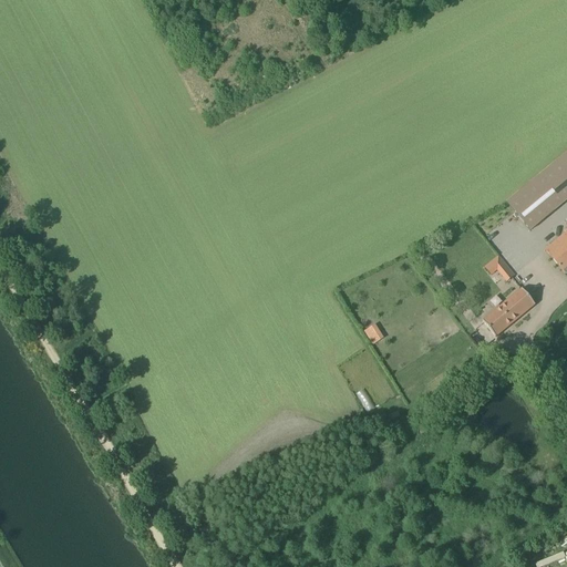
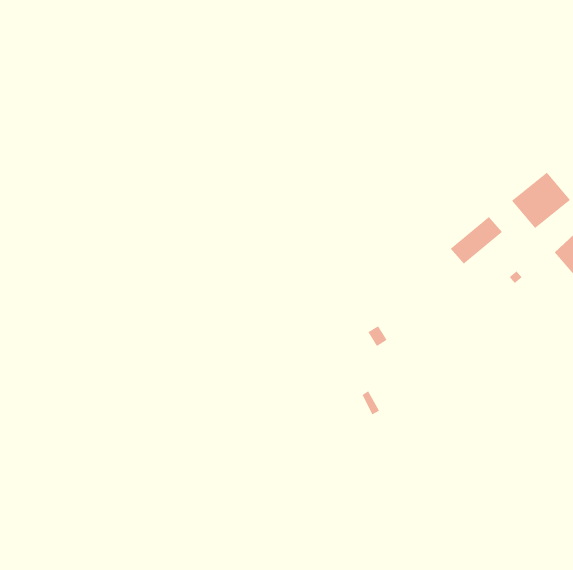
building: [483,287,535,334] -> [450,216,503,264]

